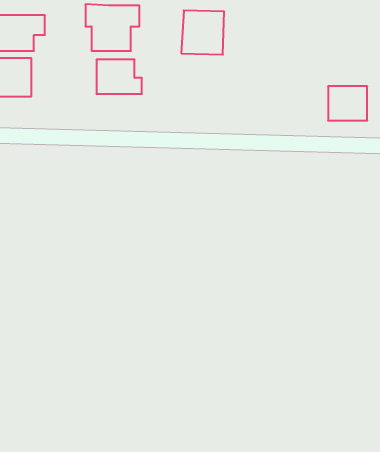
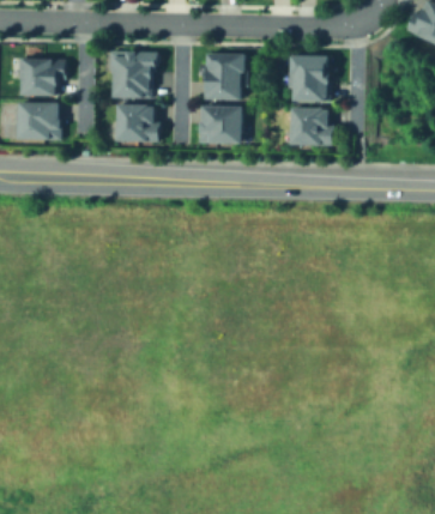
building: none -> [296,58,331,98]
building: none -> [197,107,238,144]
building: [328,86,367,121] -> [292,109,331,143]

